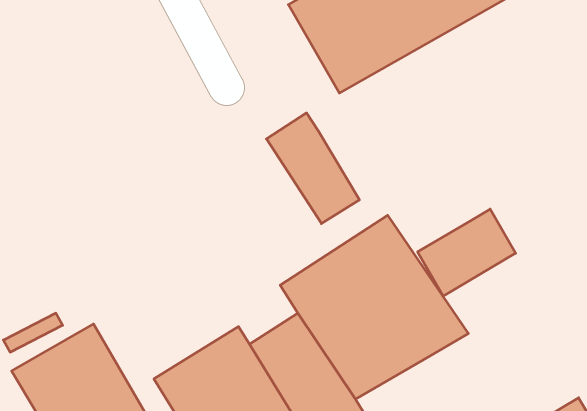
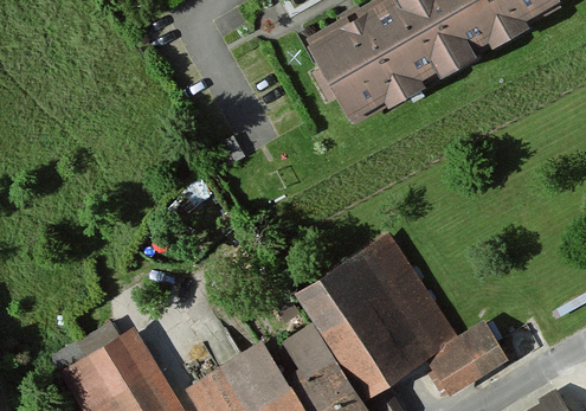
building: [266,113,359,224] -> none
building: [418,209,516,296] -> [423,322,509,399]

